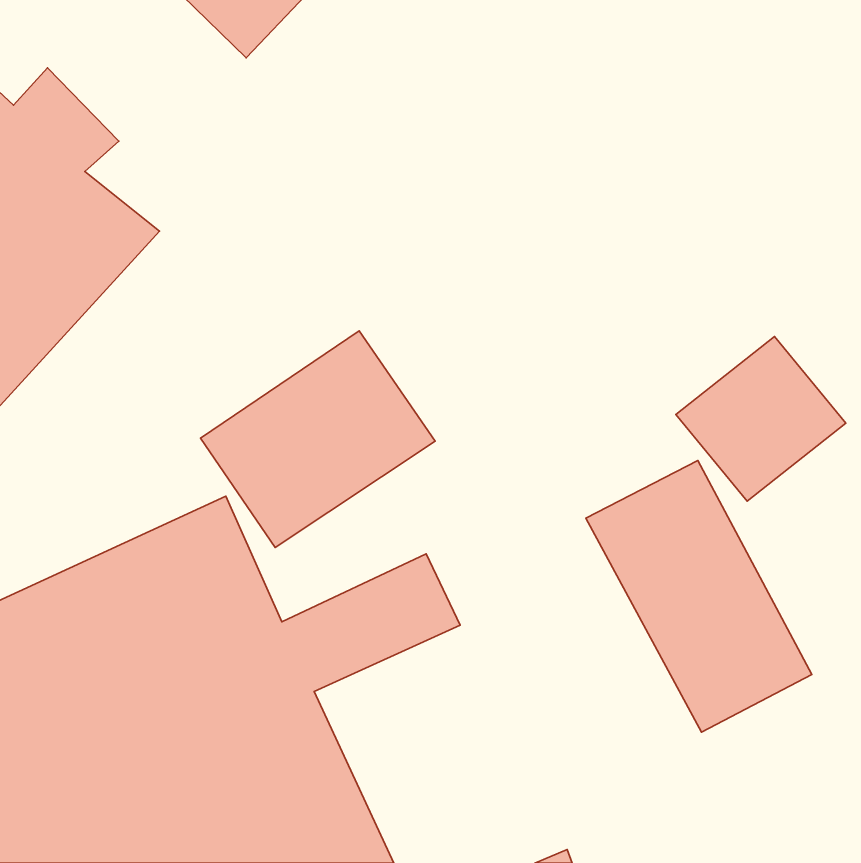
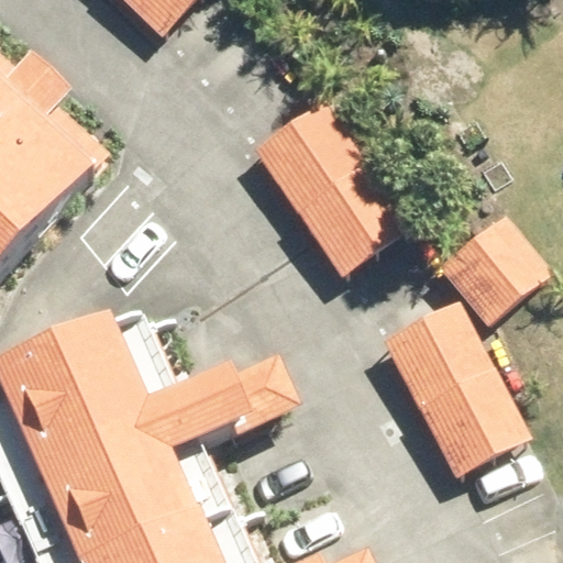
building: none -> [255,103,407,275]
building: [200,331,435,548] -> none

